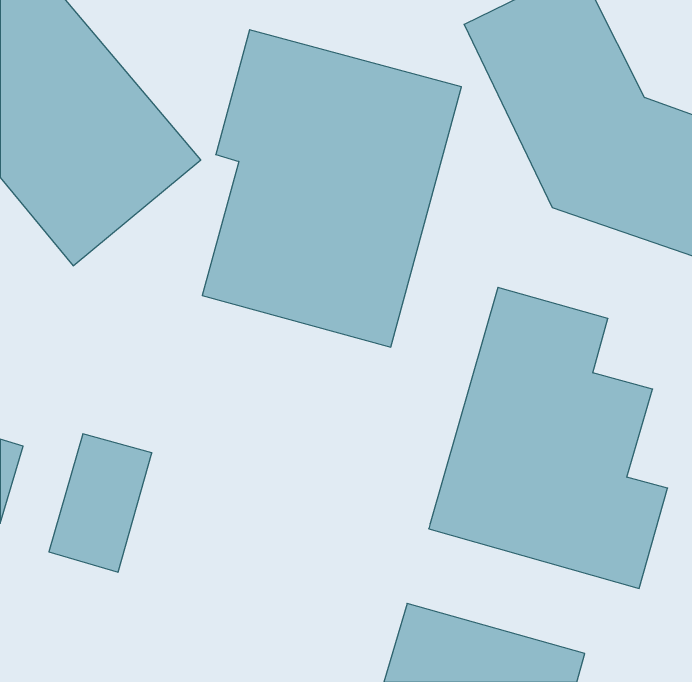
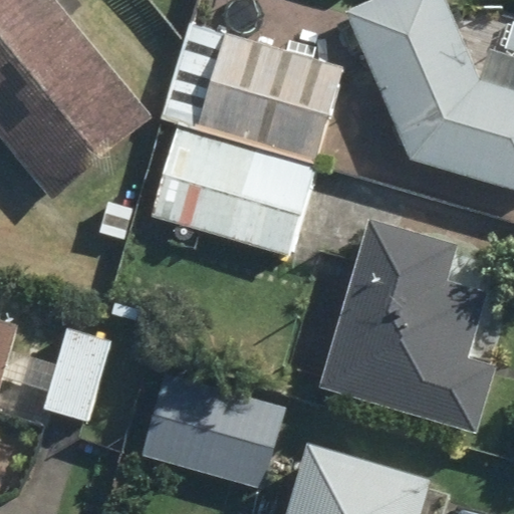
building: none -> [133,366,283,486]

